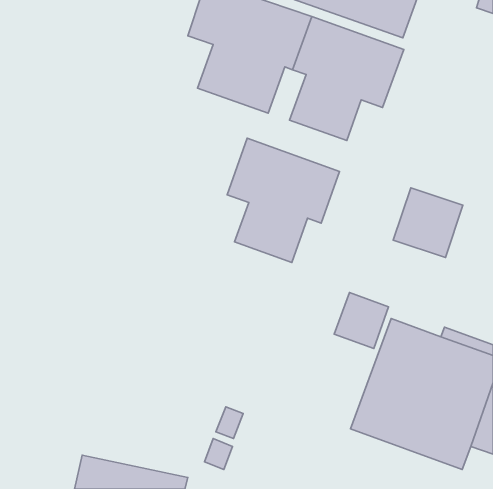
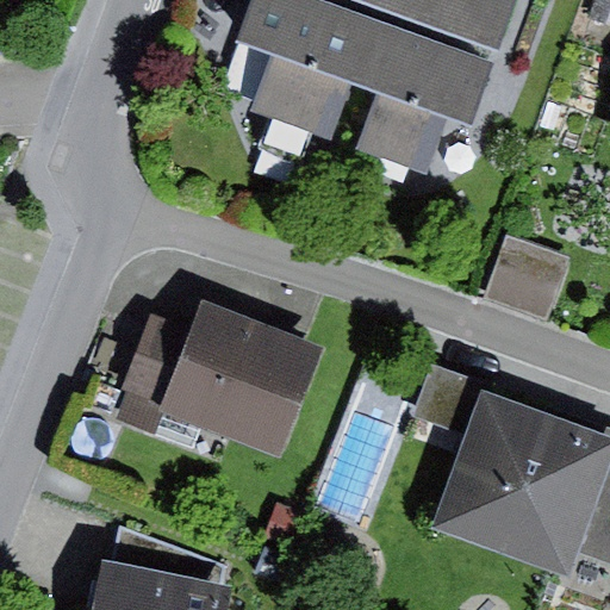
building: [227,138,339,262] -> none
building: none -> [113,306,329,461]

